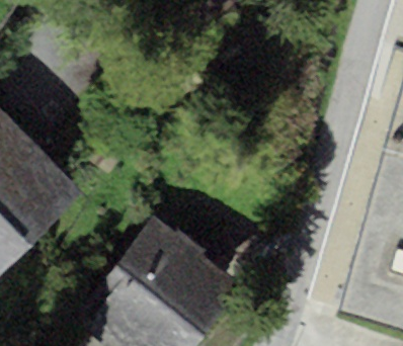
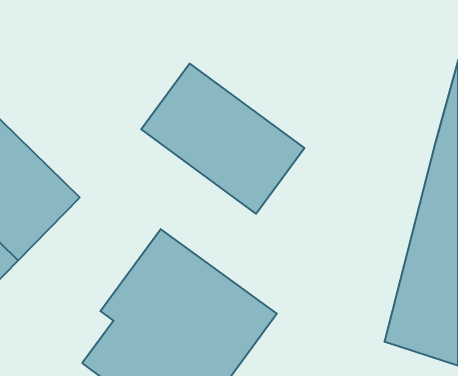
building: none -> [141,64,304,214]

